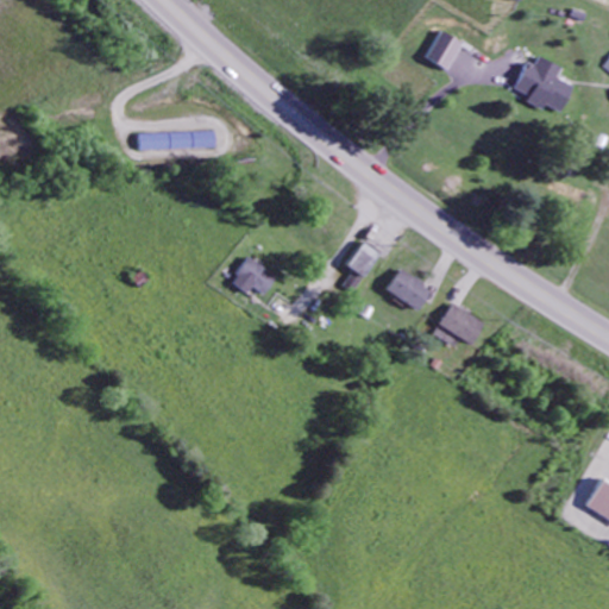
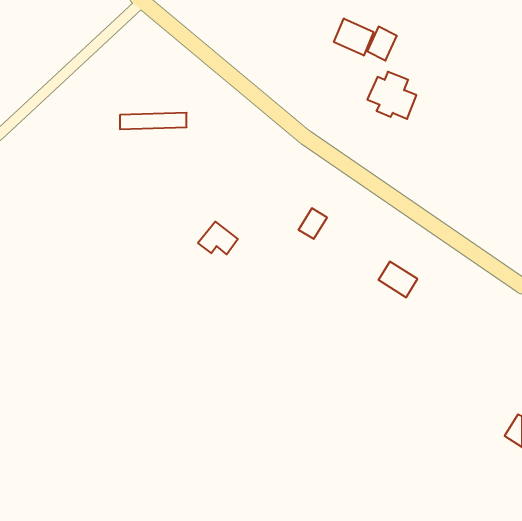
building: none -> [334,18,374,56]
building: [514,57,571,112] -> [367,72,416,119]
building: [387,268,432,310] -> none

